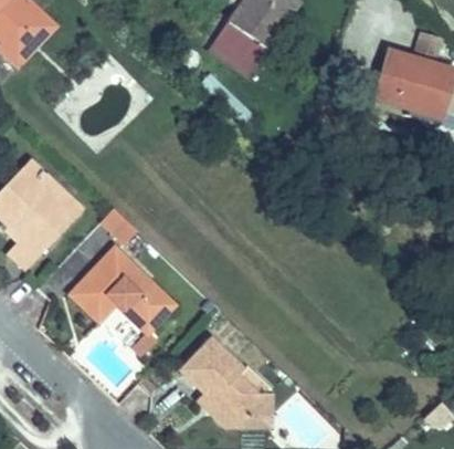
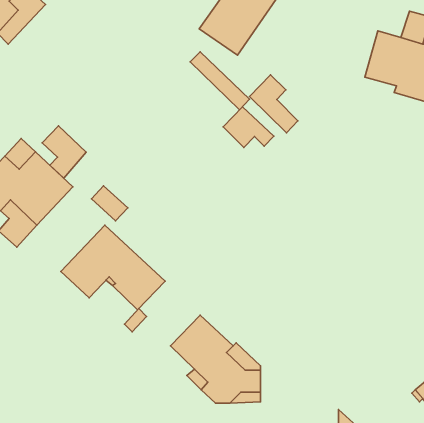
building: none -> [249,75,298,133]
building: none -> [223,107,274,147]
building: none -> [42,126,86,178]

